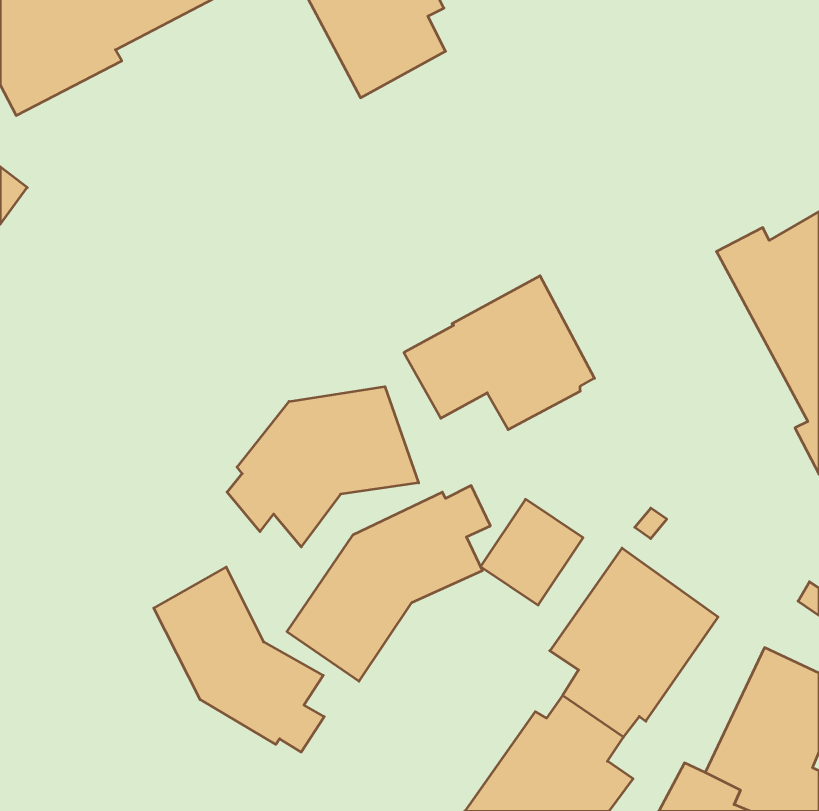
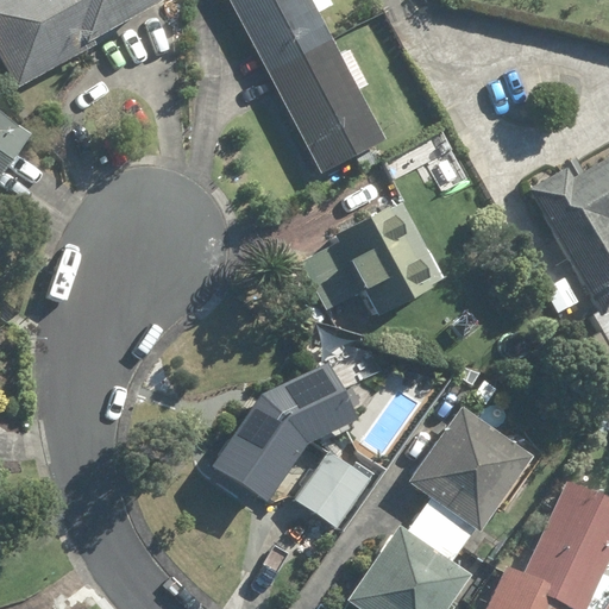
building: none -> [268,38,385,175]
building: [227,387,419,547] -> none
building: [480,499,583,605] -> [293,451,369,529]
building: [154,567,324,752] -> none

